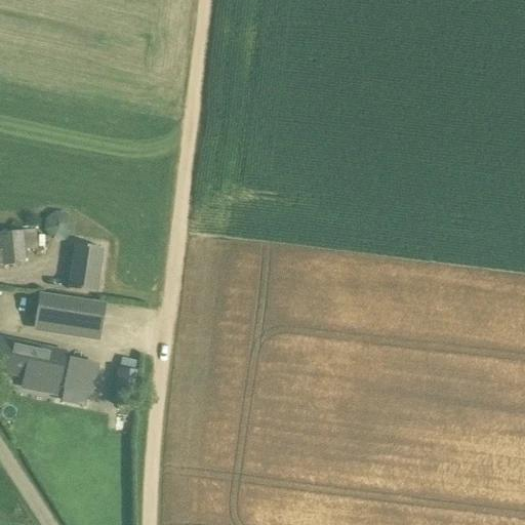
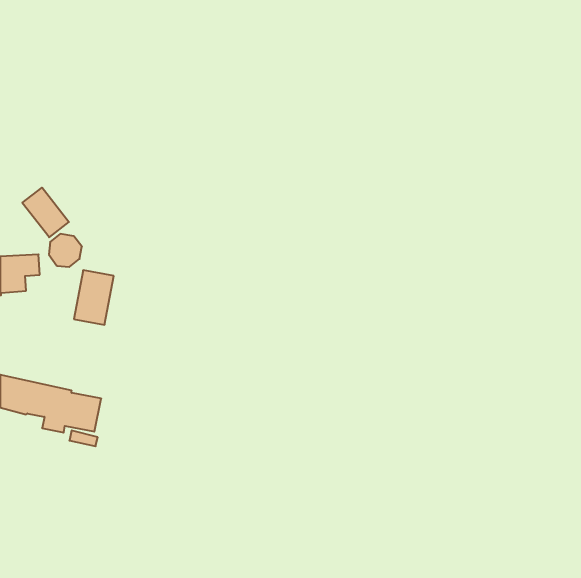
building: none -> [22,188,69,237]
building: [35,293,105,330] -> none

